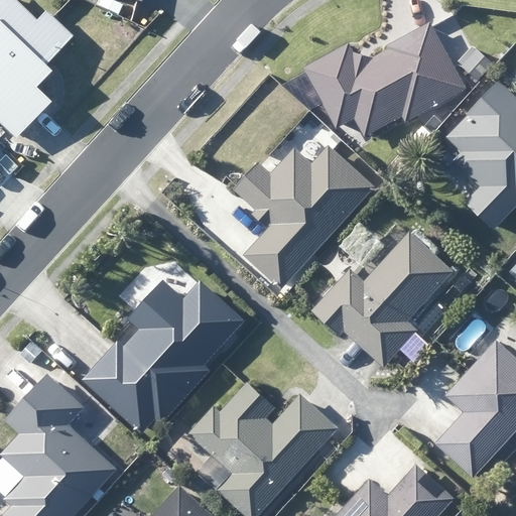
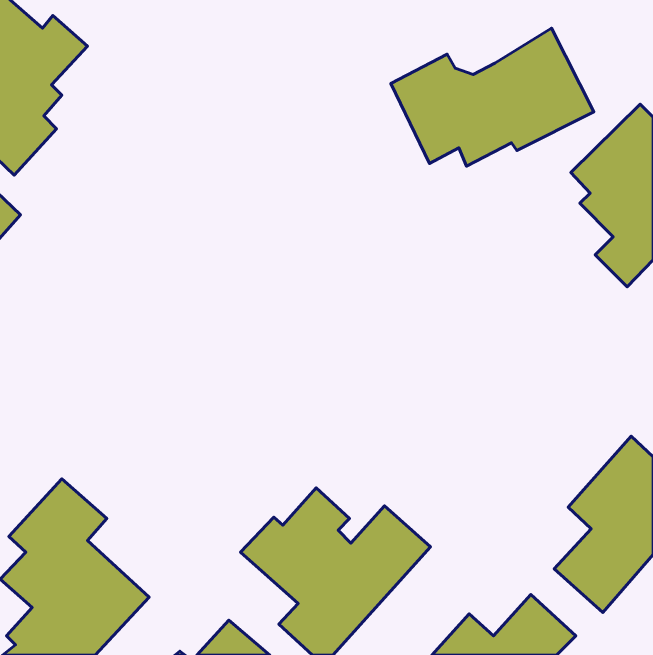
building: [231,148,374,288] -> none
building: [314,232,454,366] -> none
building: [84,283,241,437] -> none

